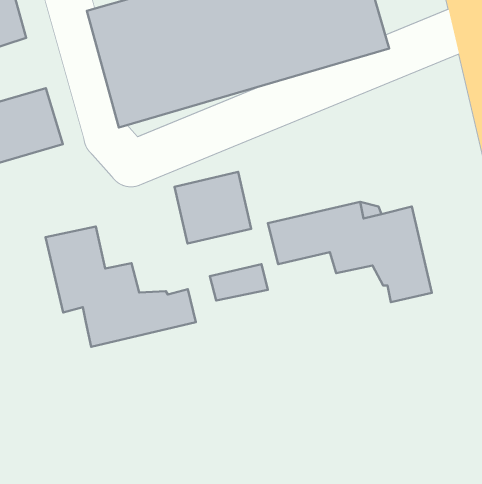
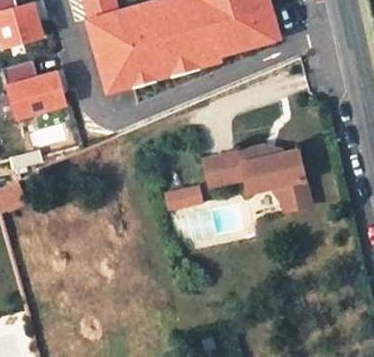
building: [175,172,251,244] -> none
building: [45,226,196,347] -> none

